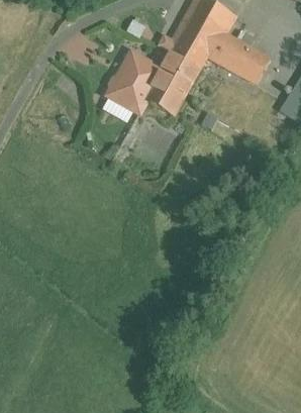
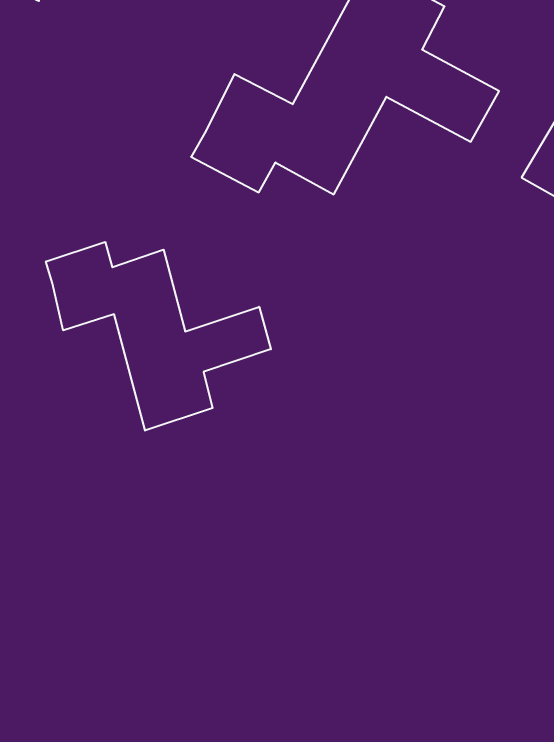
building: none -> [46,242,271,431]

